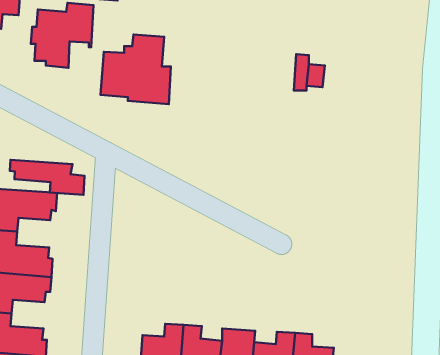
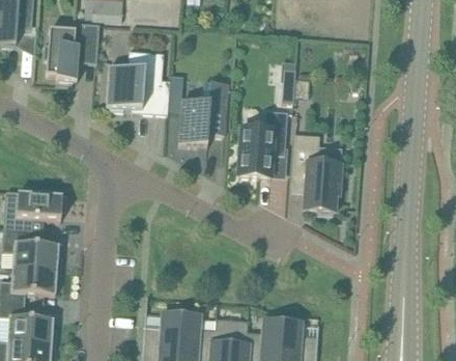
building: none -> [178,82,229,145]
building: none -> [236,110,288,178]
building: none -> [292,134,341,213]
building: [10,160,85,195] -> none

